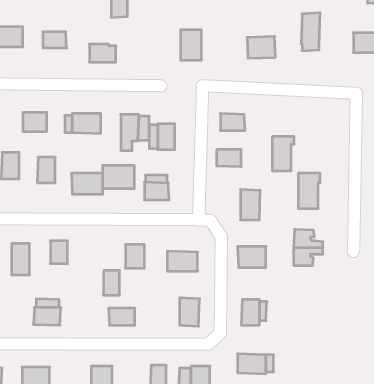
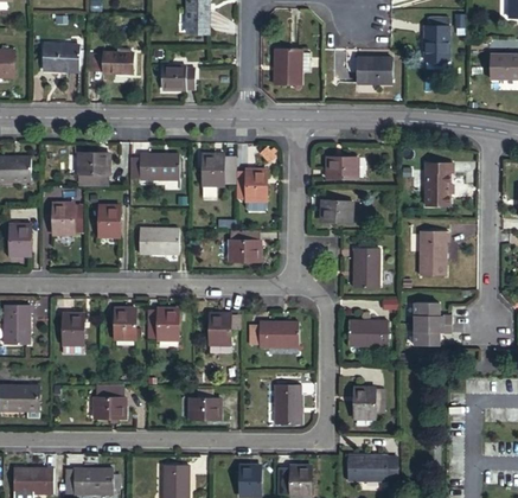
building: [272,137,294,171] -> [427,160,454,203]
building: [103,165,134,189] -> none
building: [103,270,120,295] -> [161,311,181,341]

